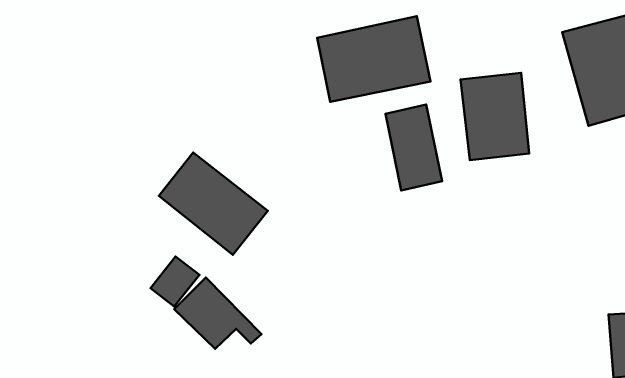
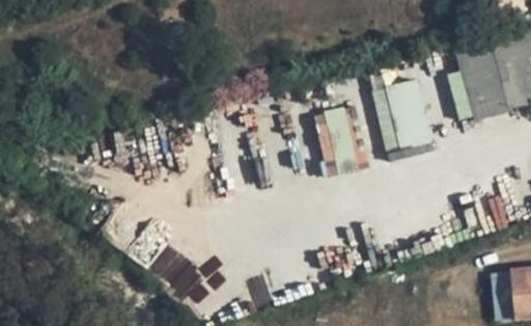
building: [317,16,430,102] -> none
building: [159,153,268,255] -> none

